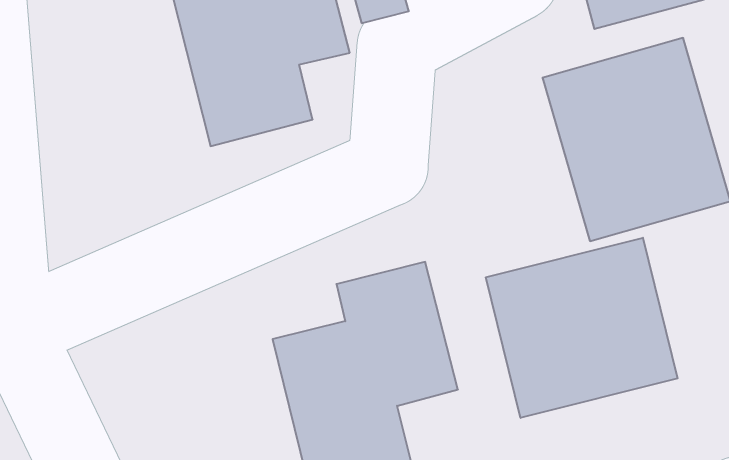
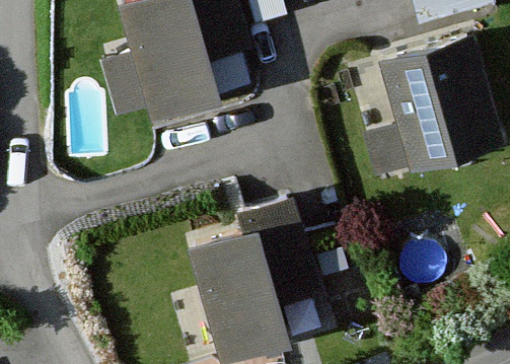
building: [486,238,678,418] -> none

